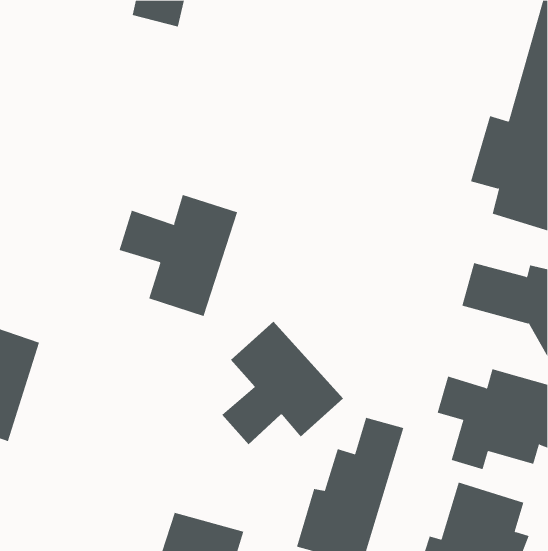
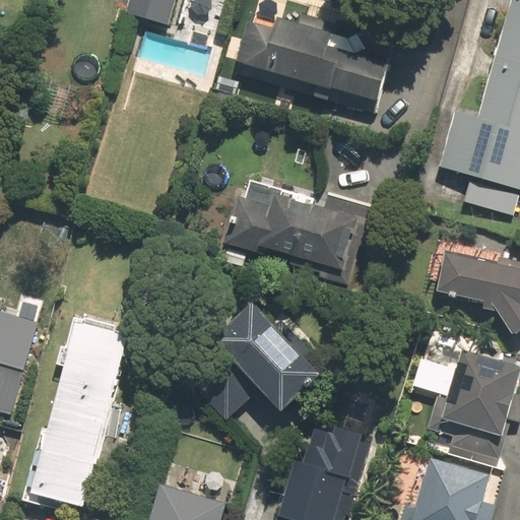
building: none -> [239,20,396,109]
building: none -> [231,179,359,268]
building: [119,194,238,317] -> none
building: none -> [31,319,137,508]

